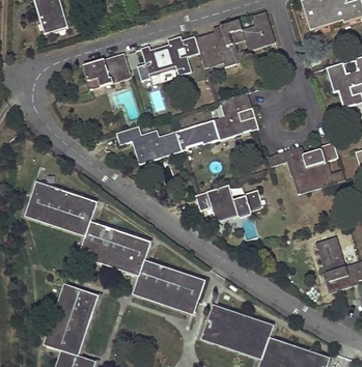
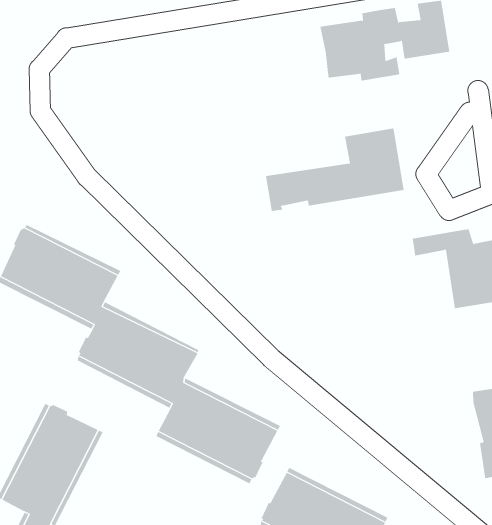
building: [142,35,199,76] -> none
building: [83,52,131,88] -> none
building: [116,125,180,164] -> none
building: [194,184,262,221] -> none

